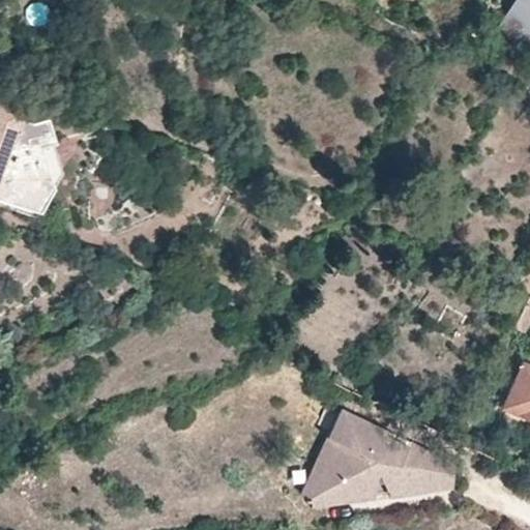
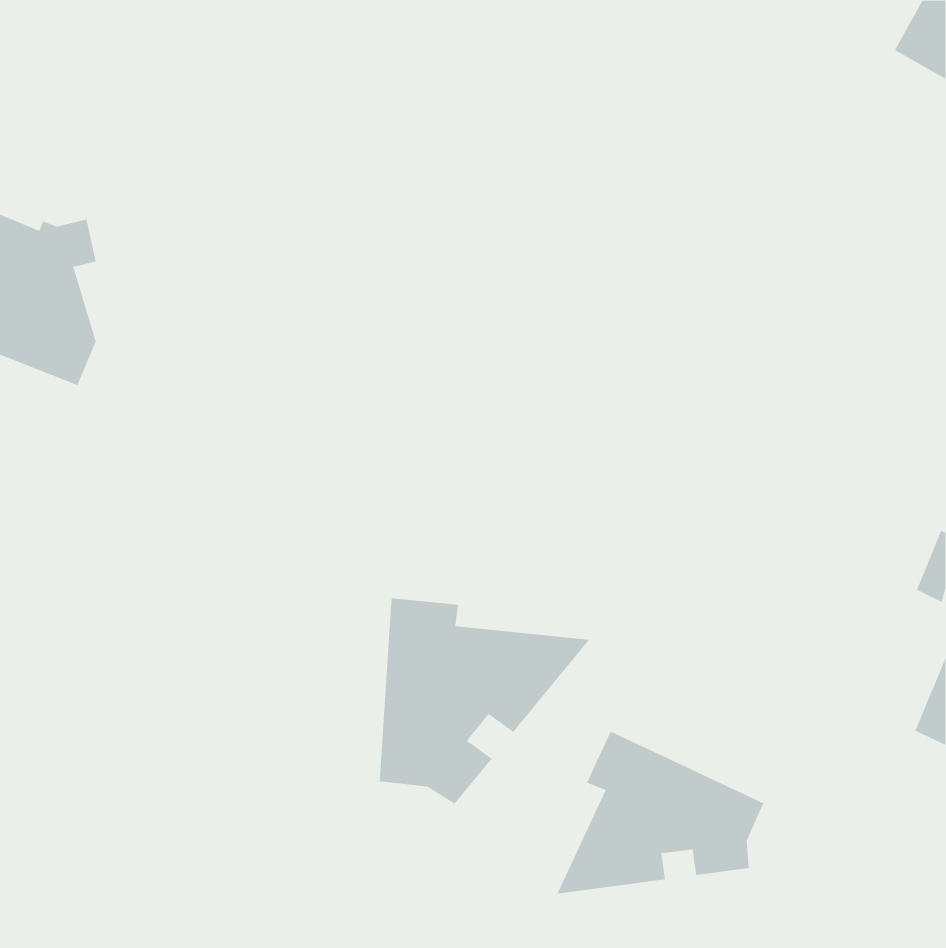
building: none -> [379,597,590,805]
building: [311,448,458,509] -> none

